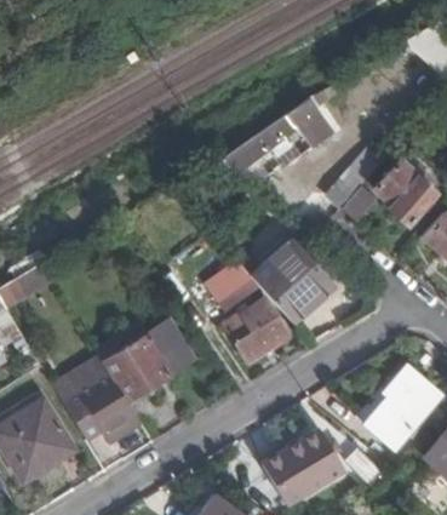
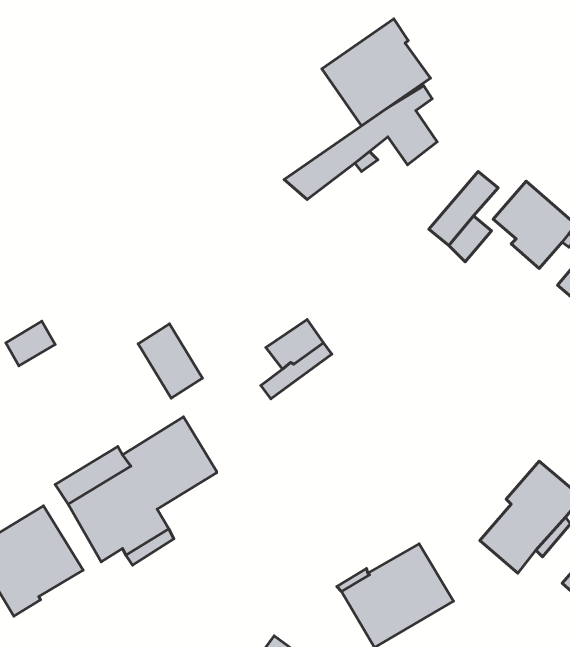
building: none -> [322,19,430,126]
building: [251,239,332,321] -> none
building: [223,298,290,362] -> none
building: [147,319,194,373] -> [138,324,202,398]

